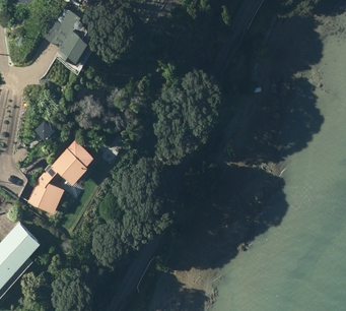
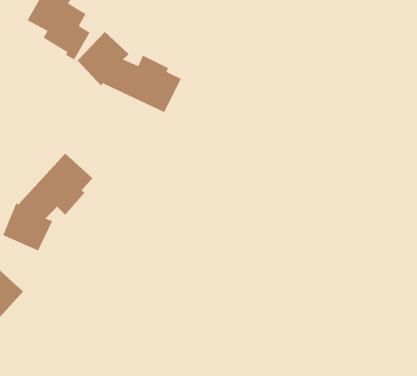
building: none -> [77,31,182,113]

